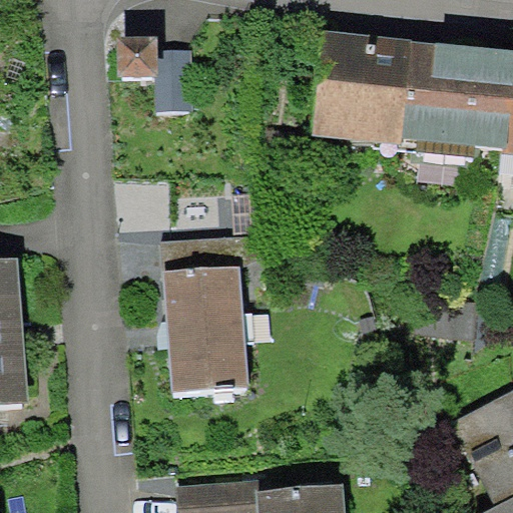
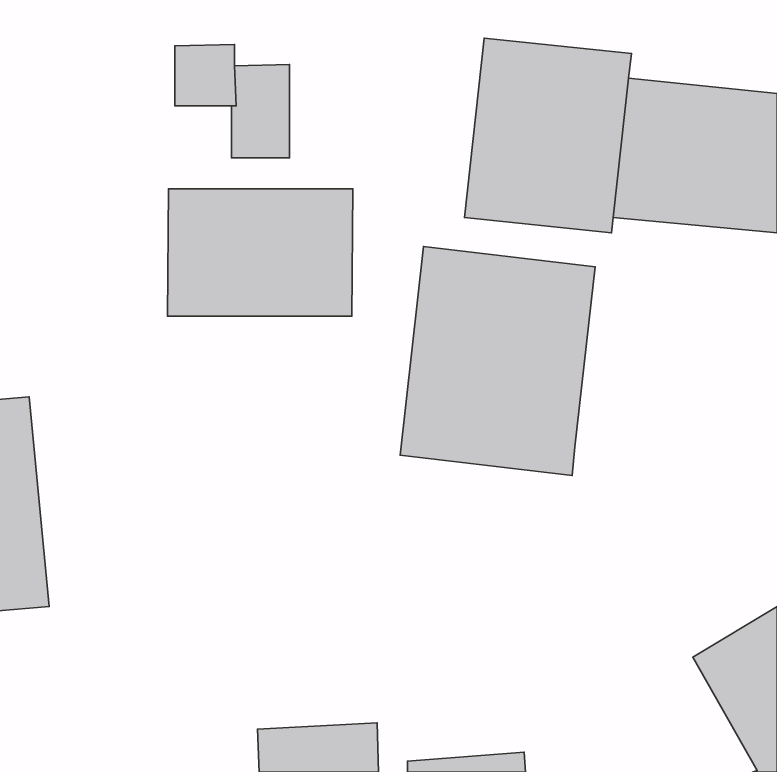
building: none -> [167,189,353,316]
building: none -> [400,247,595,475]
building: [166,269,252,393] -> none

